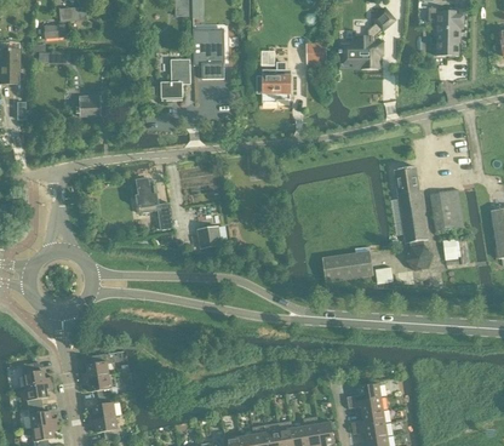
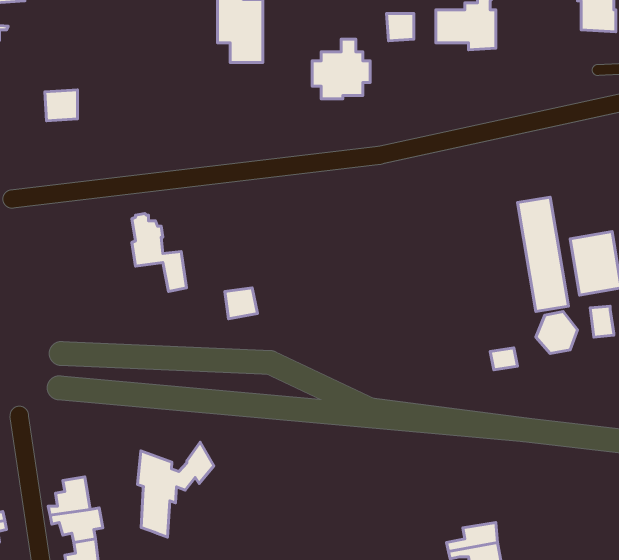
building: [160,58,189,96] -> none
building: [321,251,373,281] -> none
building: none -> [138,442,214,537]

